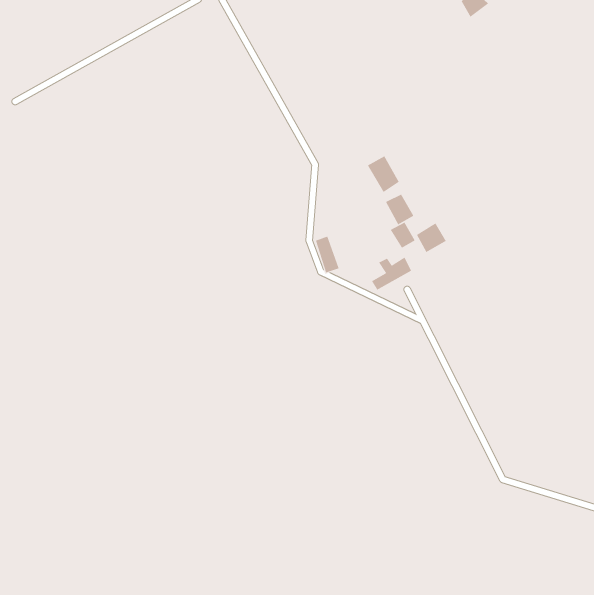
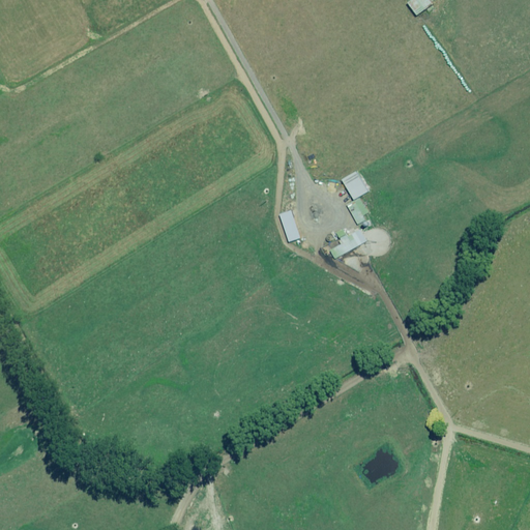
building: [367,155,400,193] -> none
building: [416,223,447,253] -> none

